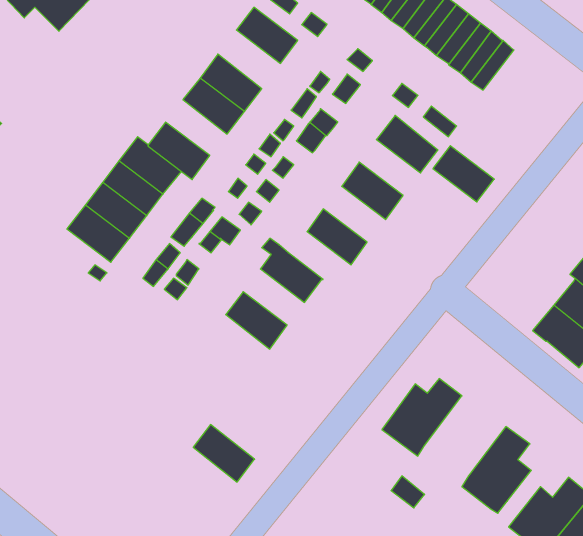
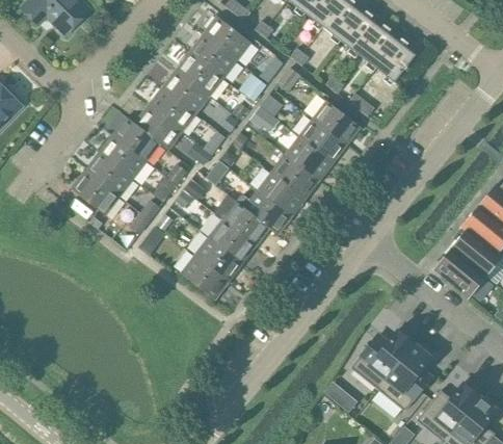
building: none -> [188,33,237,79]
building: none -> [148,87,195,131]
building: [433,146,494,202] -> [298,119,346,162]
building: none -> [270,155,319,199]
building: none -> [236,190,292,234]
building: none -> [208,219,256,263]
building: [382,379,462,456] -> [350,329,413,389]
building: [193,425,255,482] -> [181,255,229,299]

